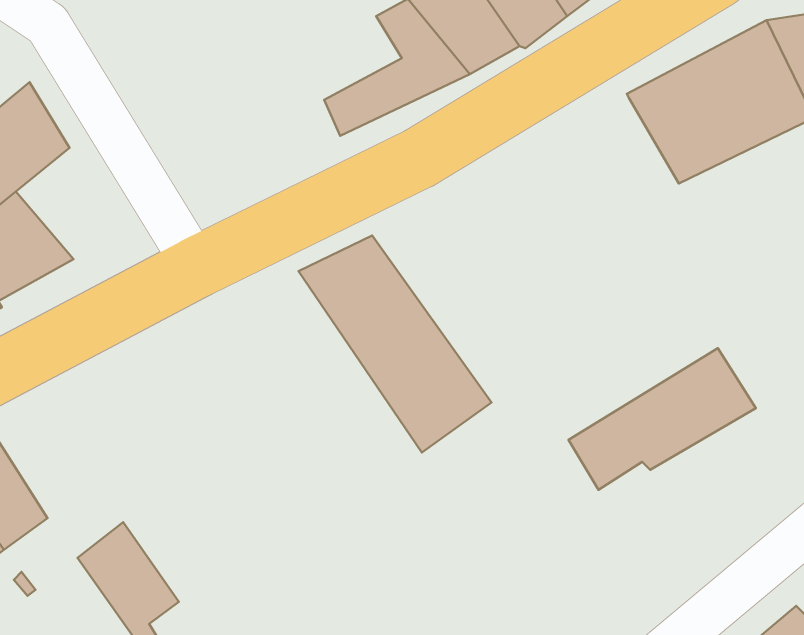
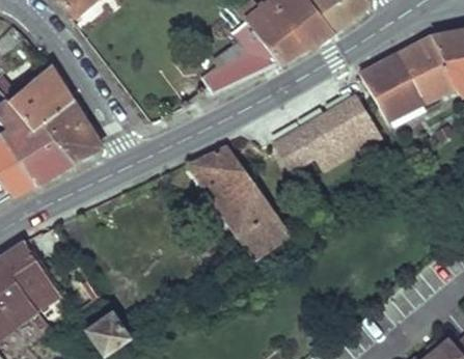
building: none -> [42,100,99,158]
building: [568,348,756,490] -> [276,95,374,169]

